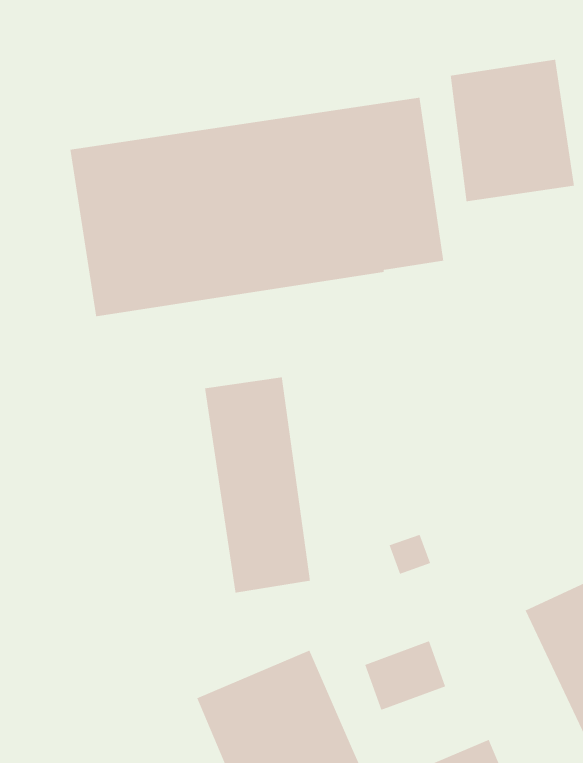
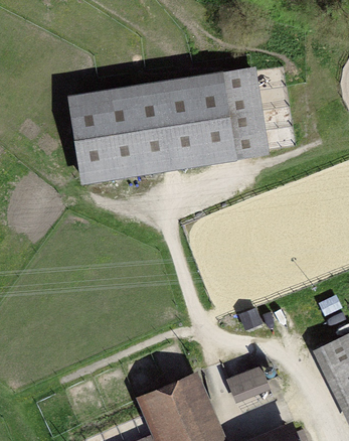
building: [450,59,575,202] -> none
building: [204,377,311,593] -> none

